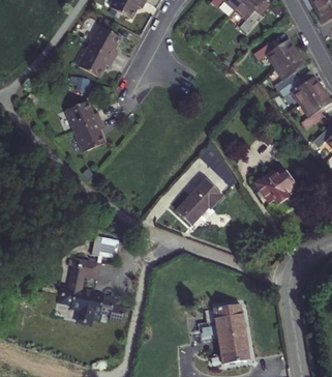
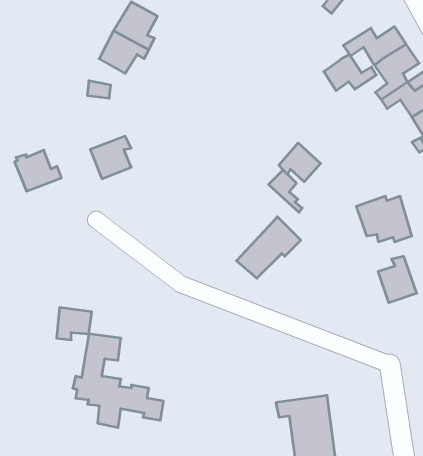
building: none -> [324,54,376,91]
building: [66,100,99,129] -> [15,150,61,191]
building: none -> [279,143,321,182]
building: none -> [378,256,417,303]
building: [92,234,117,257] -> [57,308,92,340]

